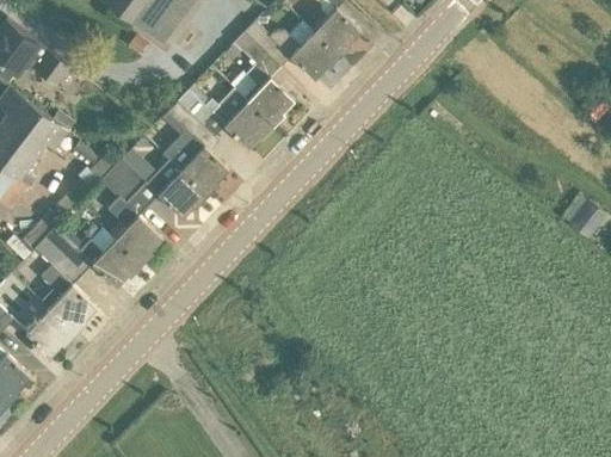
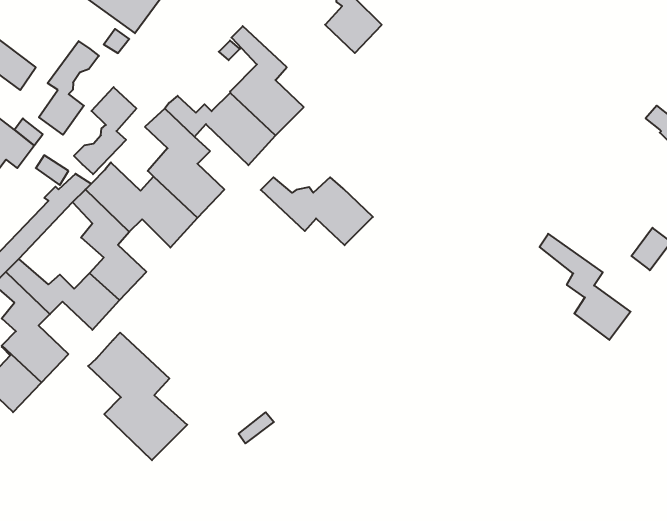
building: [243,21,338,79] -> [261,177,373,245]
building: none -> [39,41,99,135]
building: none -> [74,87,136,174]
building: none -> [540,234,631,340]
building: none -> [88,333,187,460]

